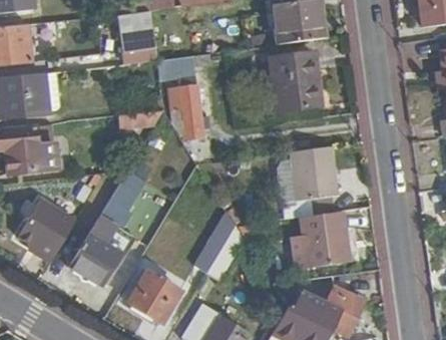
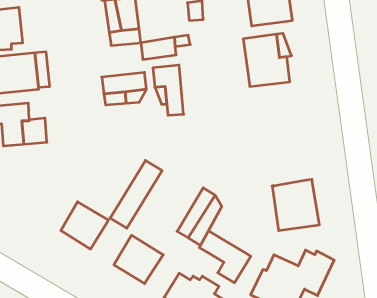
building: [289,145,339,217] -> none
building: [89,172,145,245] -> [110,160,162,228]
building: [16,195,77,260] -> none
building: none -> [199,231,251,283]

